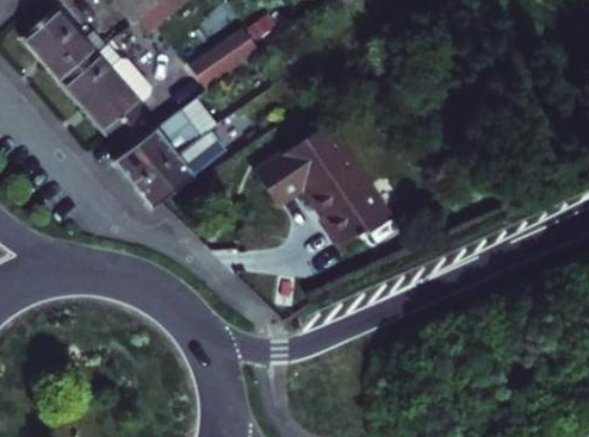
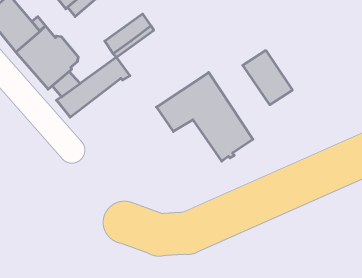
building: none -> [243,51,292,105]
building: [137,123,225,199] -> none

